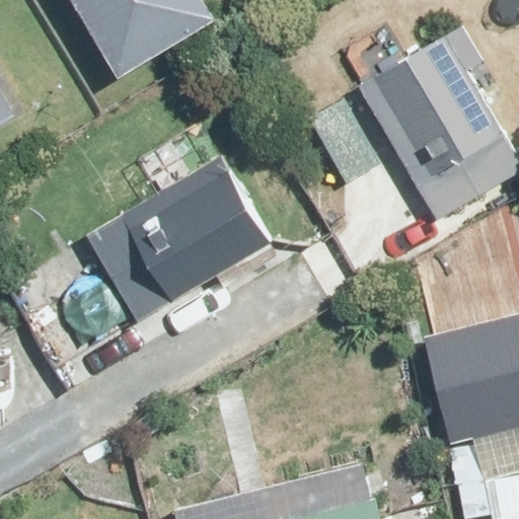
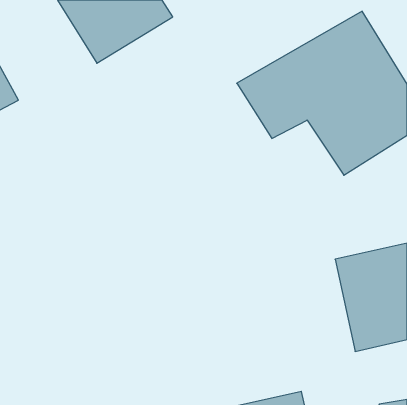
building: [83,154,269,319] -> none

